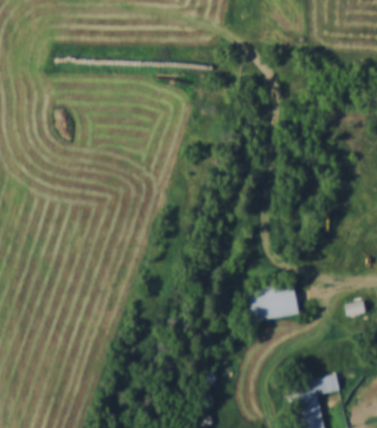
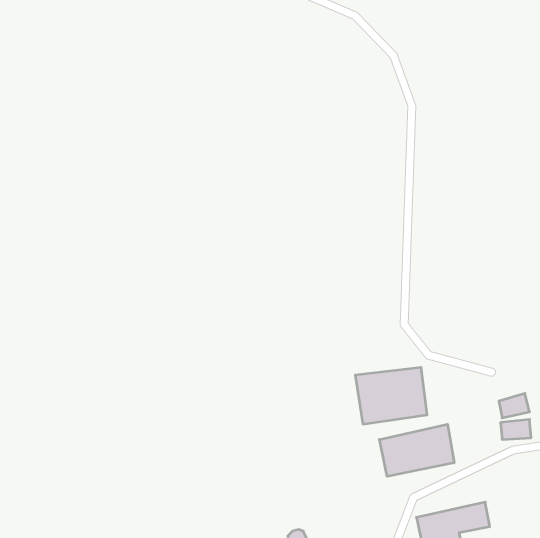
building: none -> [379,424,454,476]

